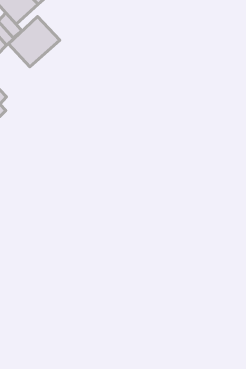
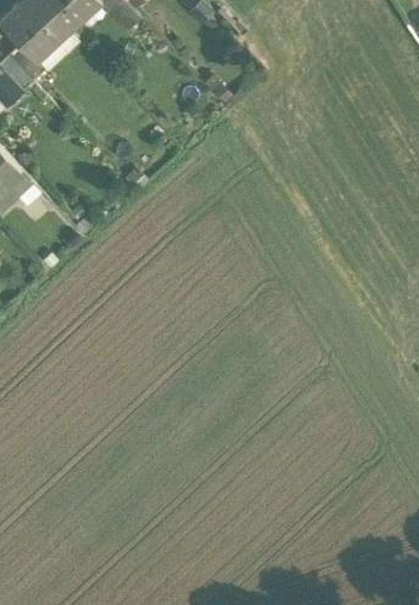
building: [8,16,60,67] -> none

